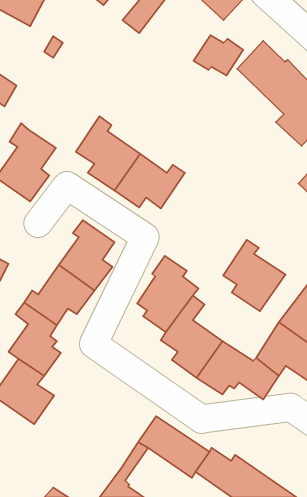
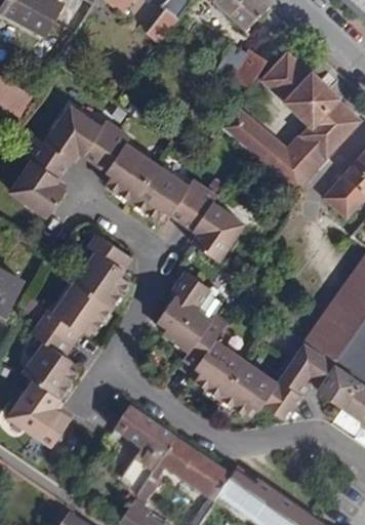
building: none -> [222,105,321,191]
building: none -> [45,106,118,165]
building: [223,240,285,311] -> [181,187,246,260]
building: none -> [115,407,176,492]

